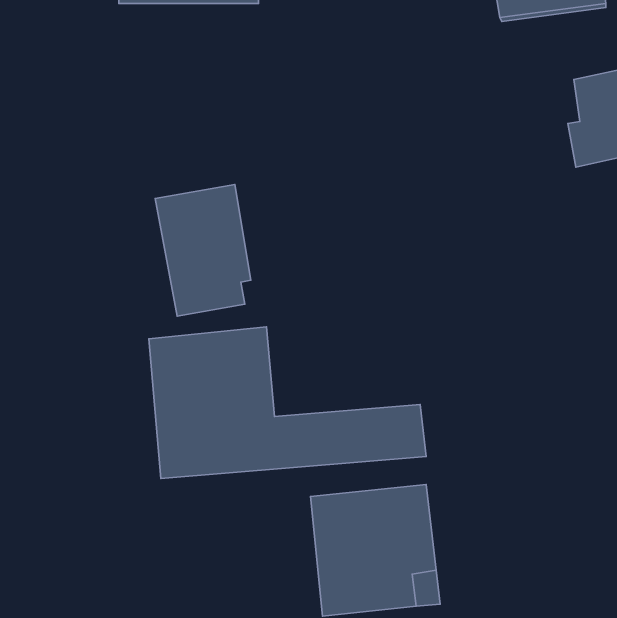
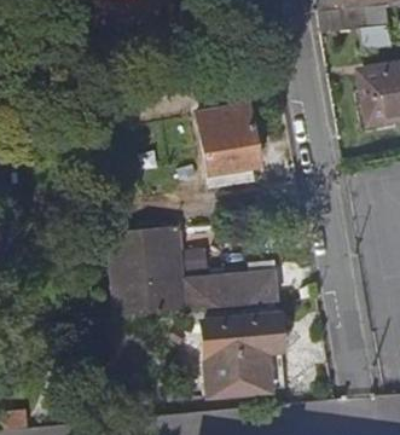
building: [155,185,251,316] -> [199,105,257,185]

